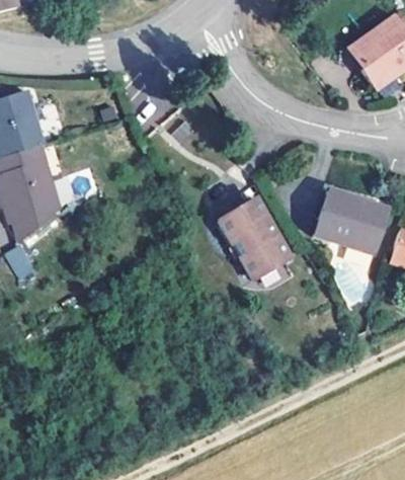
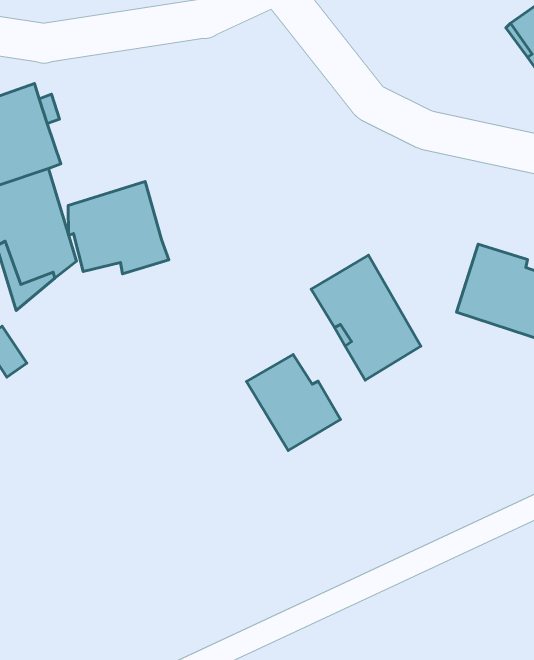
building: none -> [68,181,169,274]
building: none -> [247,355,340,450]

